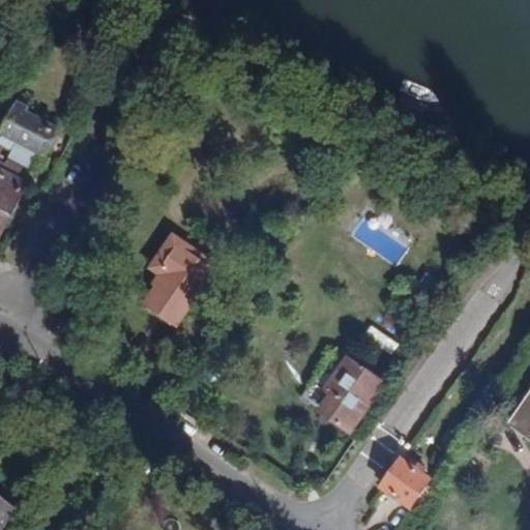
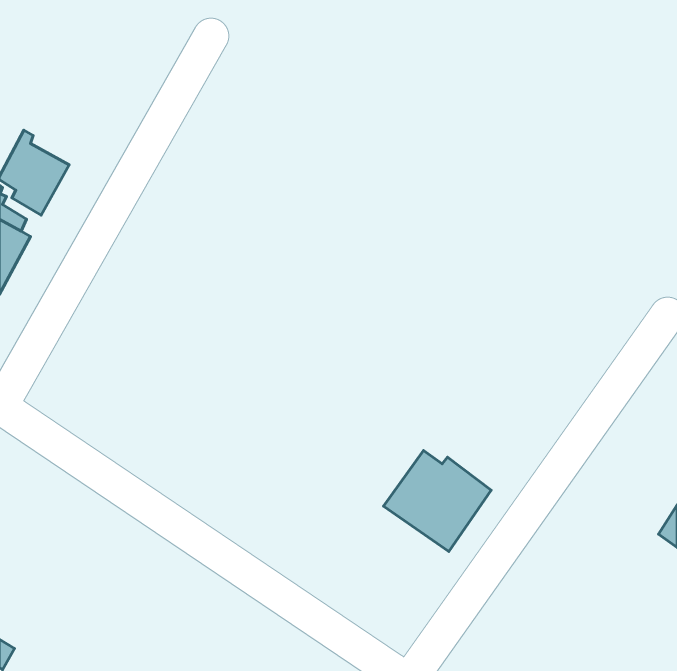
building: [144,241,213,321] -> none
building: [381,459,428,504] -> none

